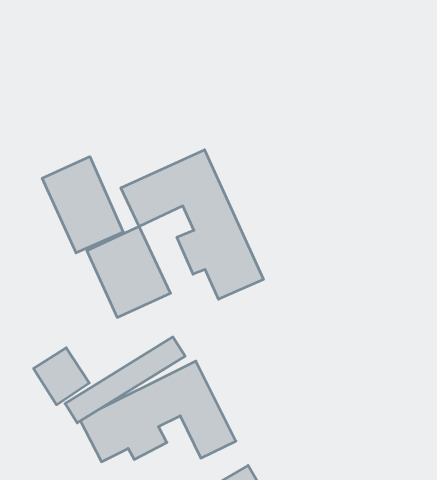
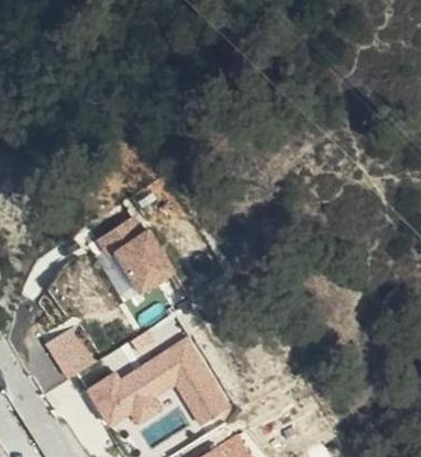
building: [121,150,263,299] -> none
building: [42,157,123,253] -> none

